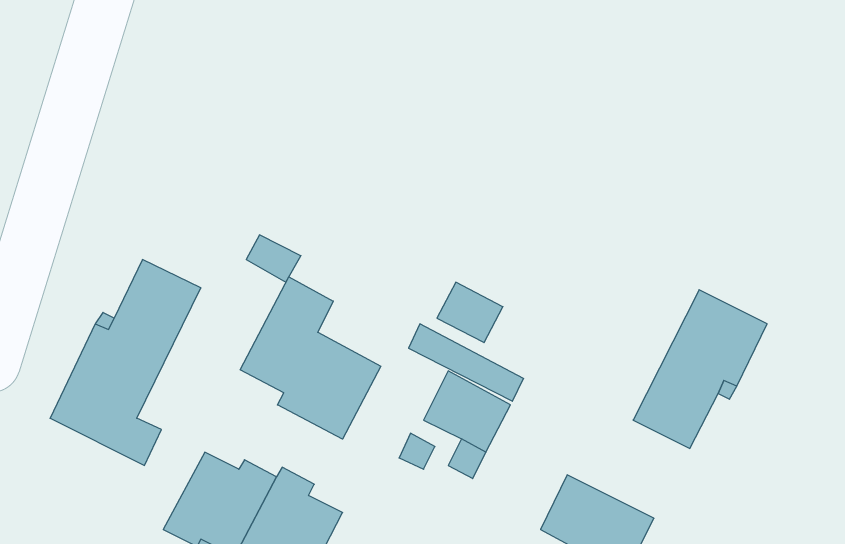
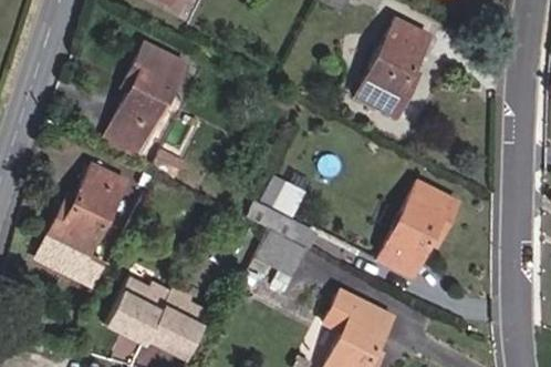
building: none -> [357,20,430,118]
building: none -> [105,44,186,159]
building: [240,277,381,439] -> none

